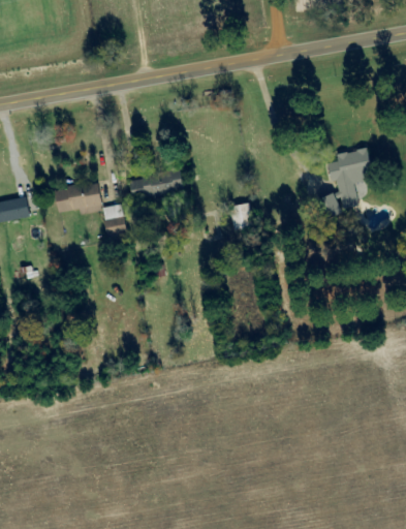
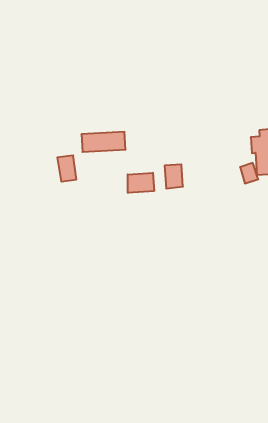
building: [54,183,102,215] -> none
building: none -> [128,173,154,193]

